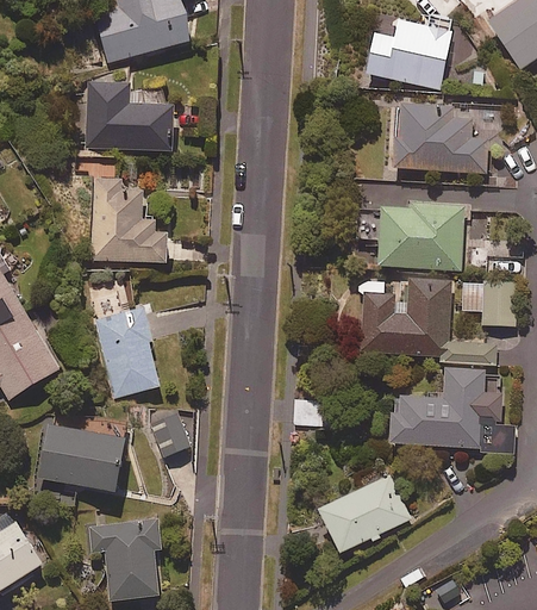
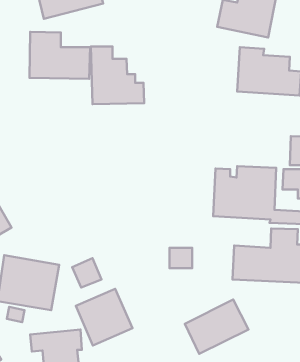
building: [92,176,170,261] -> [91,47,144,104]
building: [376,201,462,270] -> none
building: [87,282,161,397] -> none
building: none -> [76,289,133,346]

